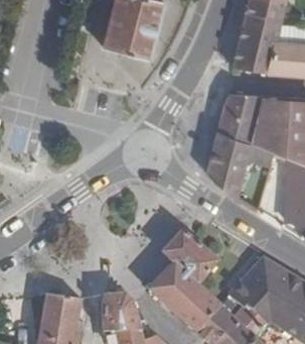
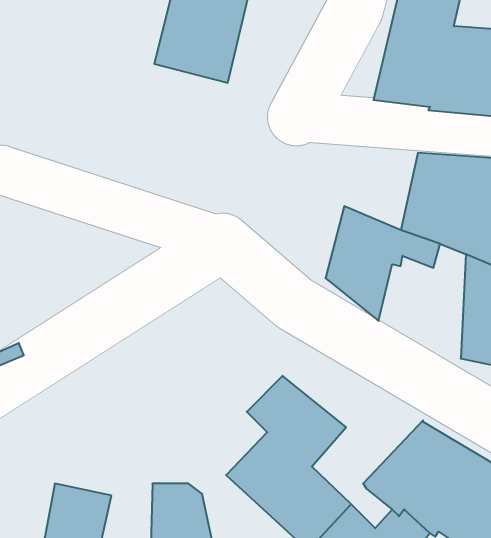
building: [217,95,261,144] -> none

